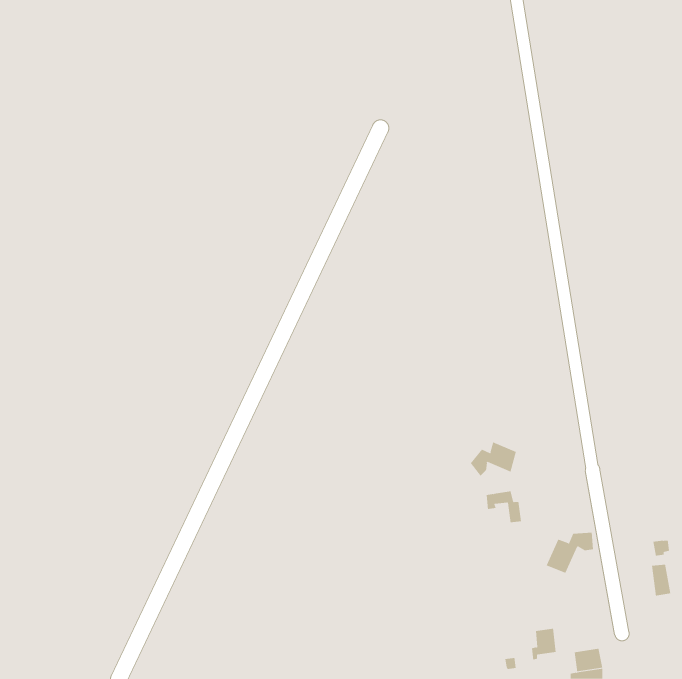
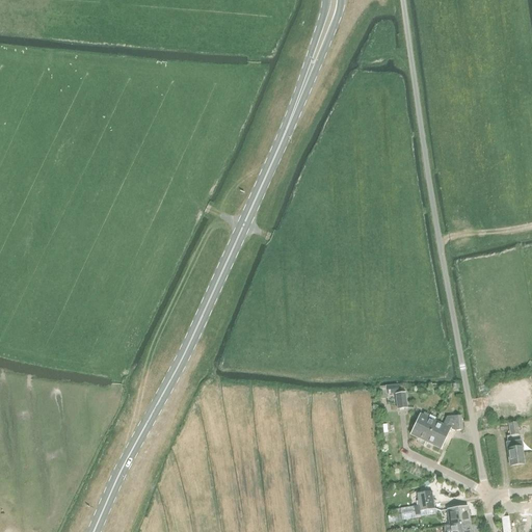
building: [470,442,516,477] -> none
building: none -> [409,409,434,441]

